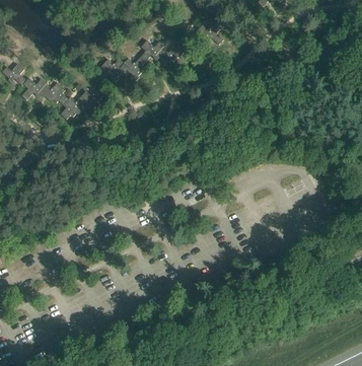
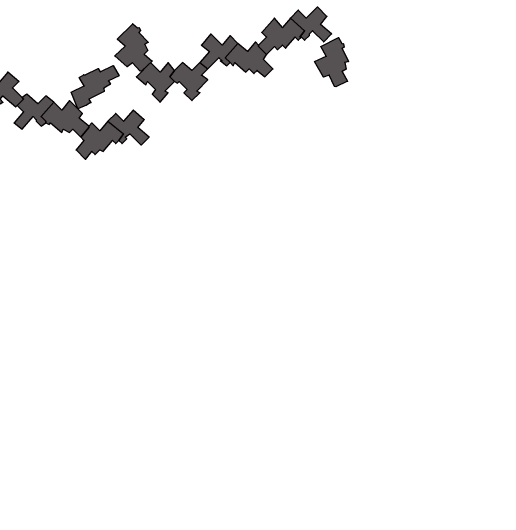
building: none -> [115,24,152,71]
building: none -> [315,38,348,87]
building: none -> [71,66,119,109]

